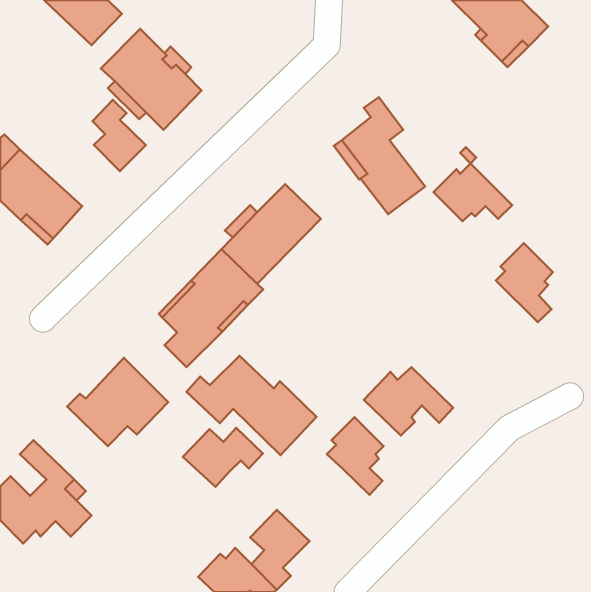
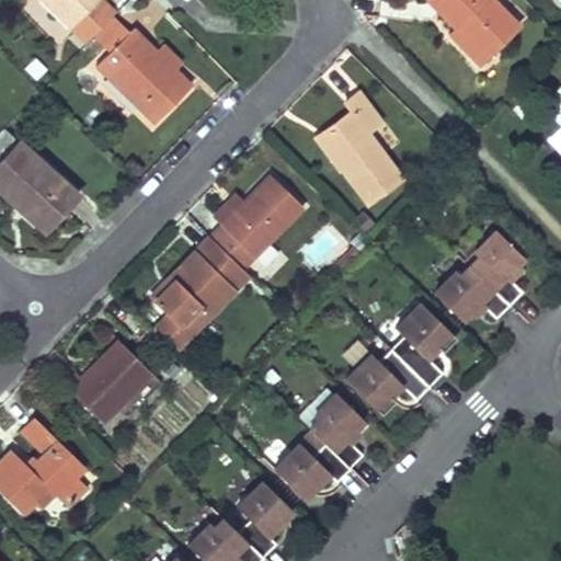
building: [92,100,146,171] -> none
building: [433,163,512,221] -> [435,265,510,320]
building: none -> [390,301,455,386]
building: [187,356,316,455] -> none
building: [183,428,263,487] -> [275,444,351,500]

